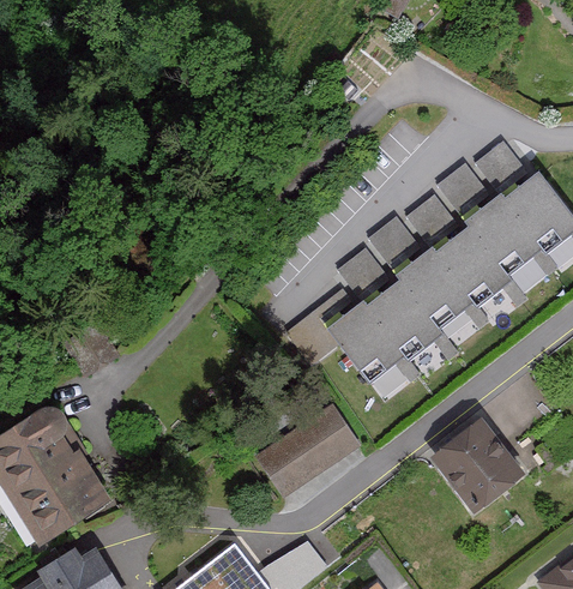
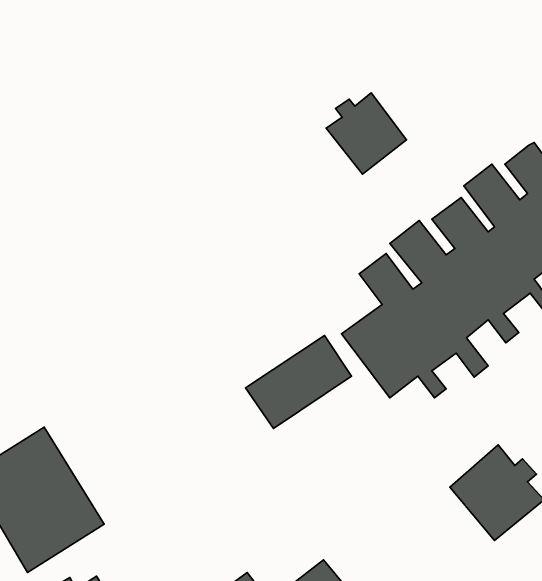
building: none -> [326,93,407,174]
building: [257,410,356,498] -> [245,335,351,429]

